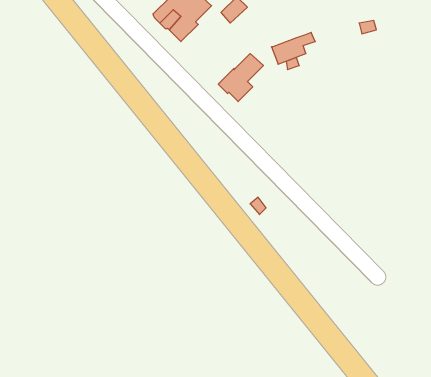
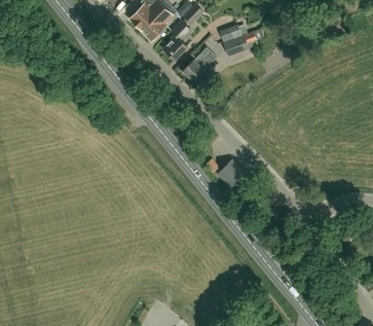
building: none -> [163,21,191,60]
building: none -> [219,158,247,186]

